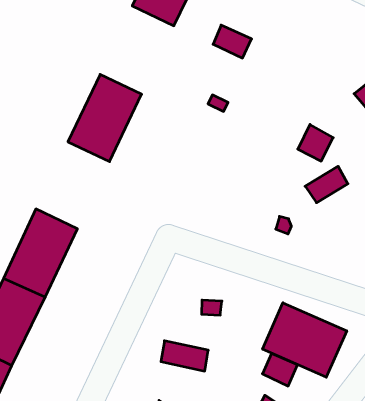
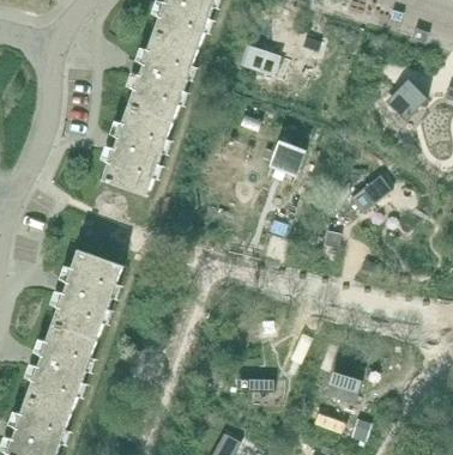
building: none -> [127,35,197,123]
building: [298,124,333,161] -> [270,140,304,176]
building: [263,303,347,377] -> none

